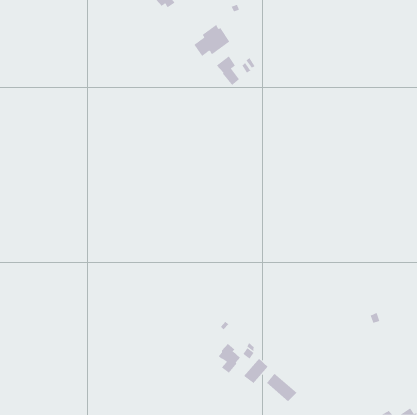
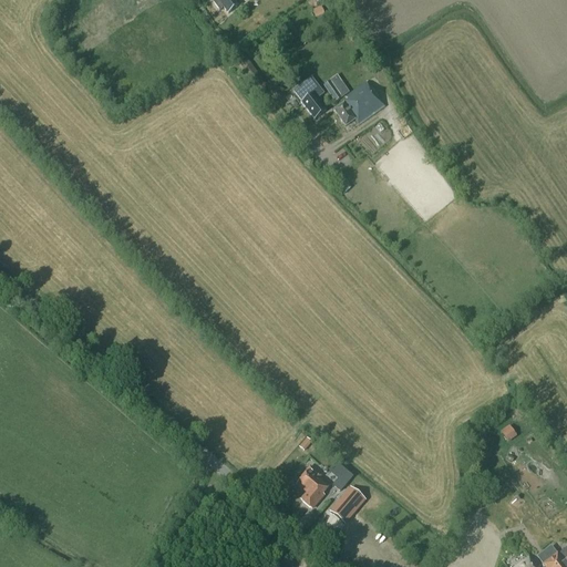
building: [194,24,230,57] -> [333,80,383,124]
building: [266,373,297,402] -> none

